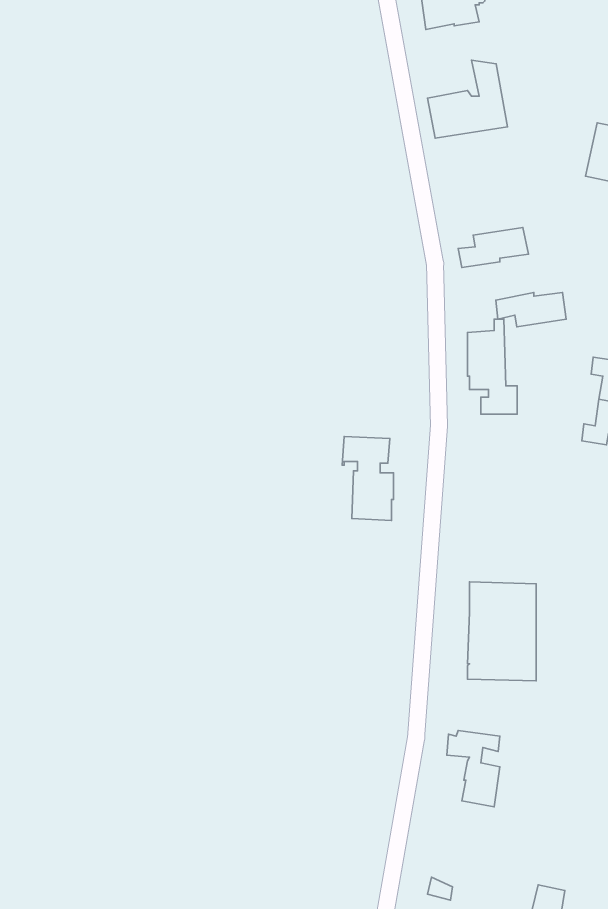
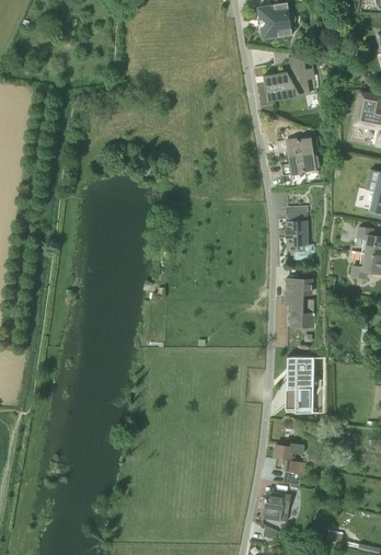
building: [496,292,566,327] -> [277,137,318,157]
building: [342,437,394,520] -> [285,278,314,326]
building: none -> [263,490,291,521]

